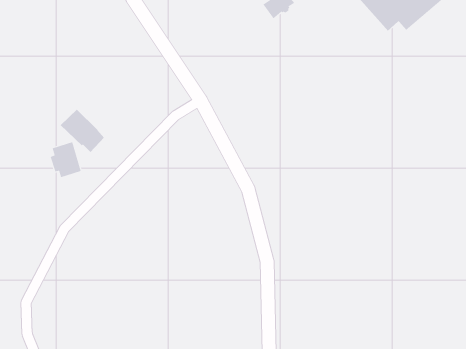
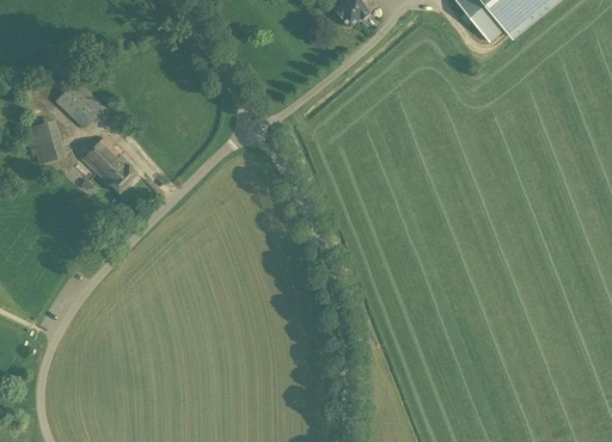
building: none -> [54,76,104,128]
building: [50,142,81,178] -> [25,117,65,162]

